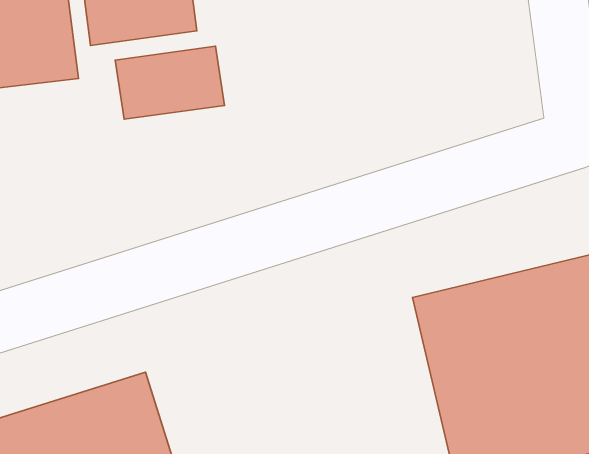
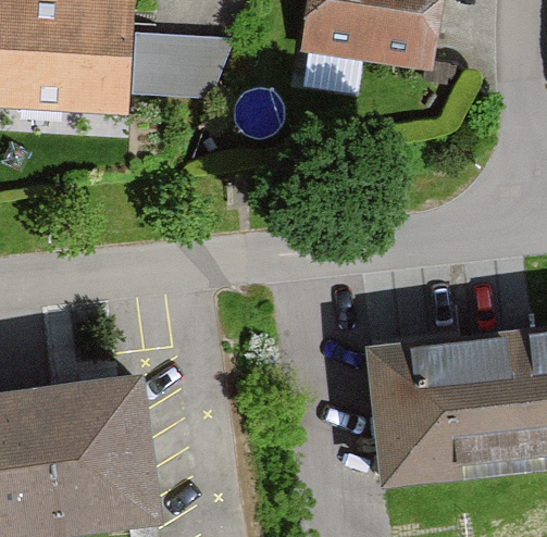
building: [115,46,224,119] -> none

